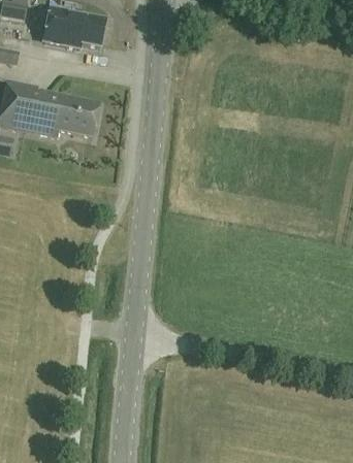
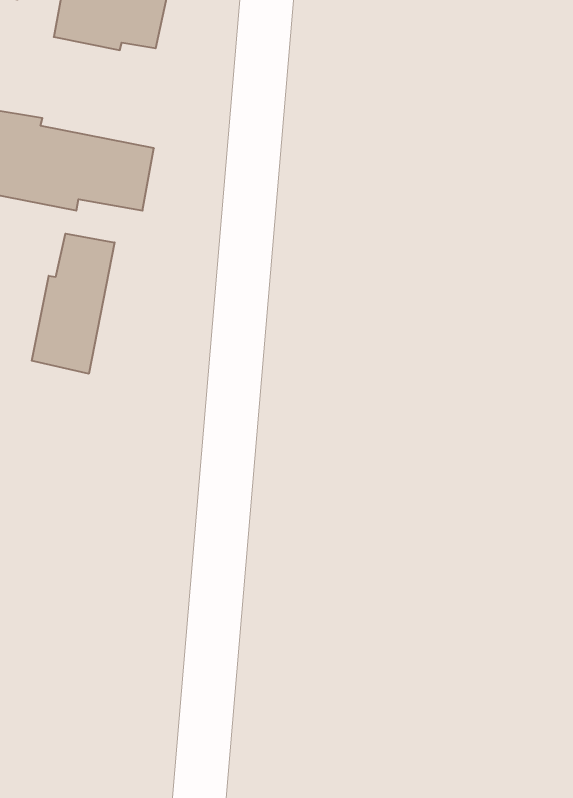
building: none -> [32,234,115,374]

